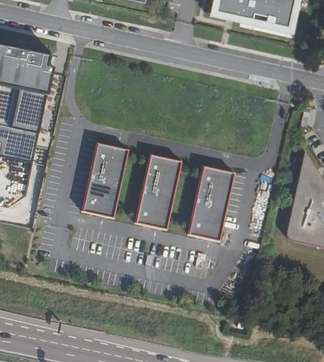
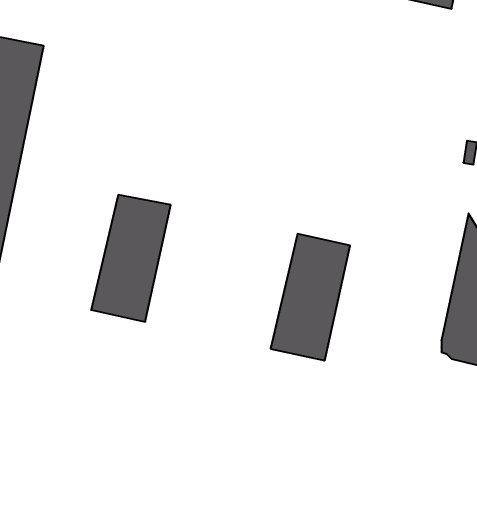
building: [134,153,181,228] -> none

